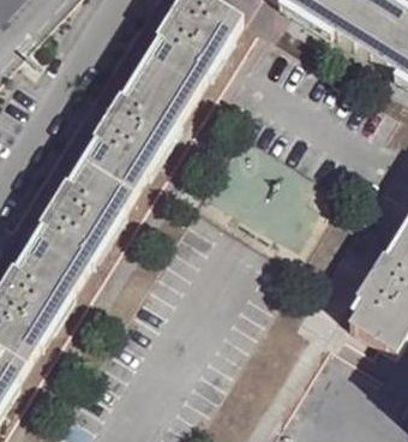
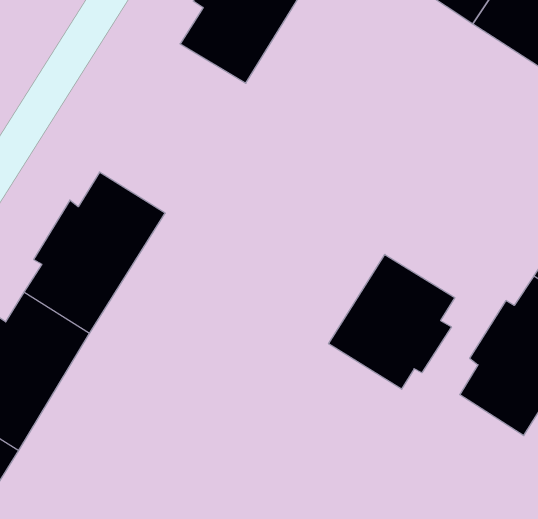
building: [86,64,193,187] -> none
building: none -> [329,254,455,389]

